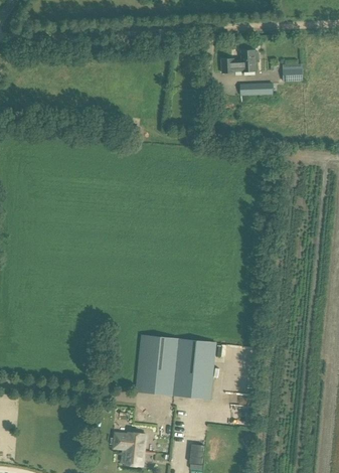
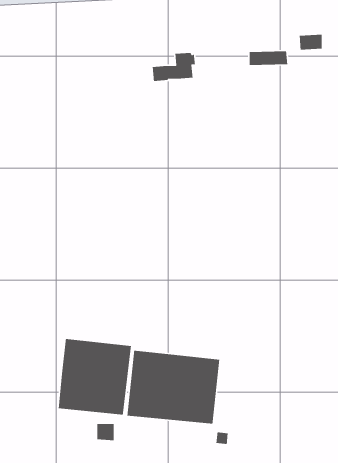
building: [220,48,258,73] -> [152,52,196,82]
building: none -> [58,338,132,416]

